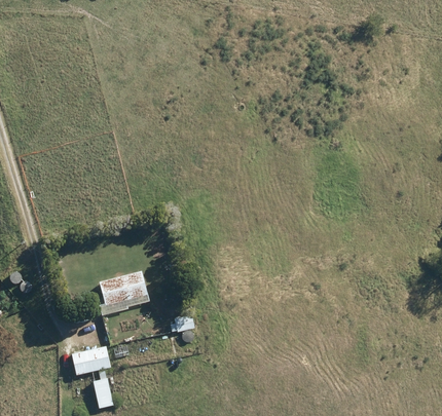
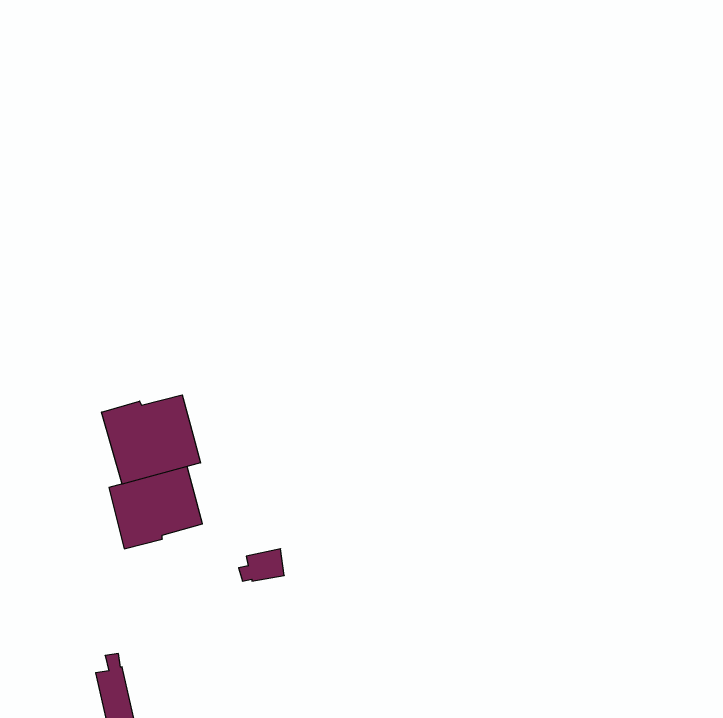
building: none -> [102,395,201,484]
building: [70,345,110,374] -> none

